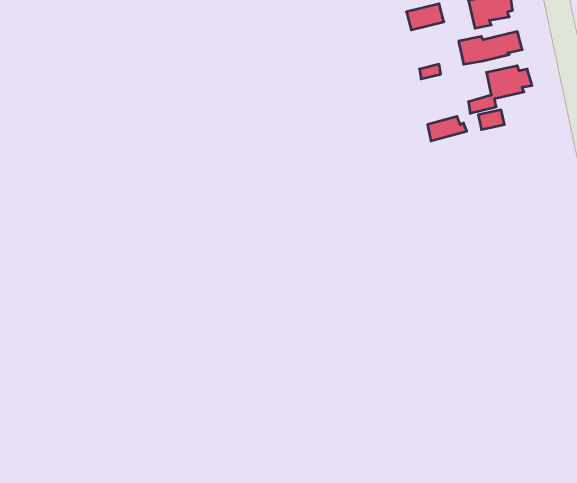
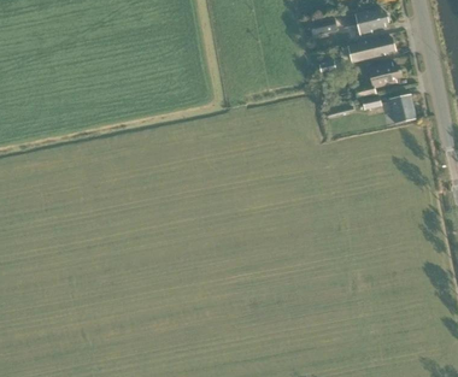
building: none -> [388,94,416,123]

